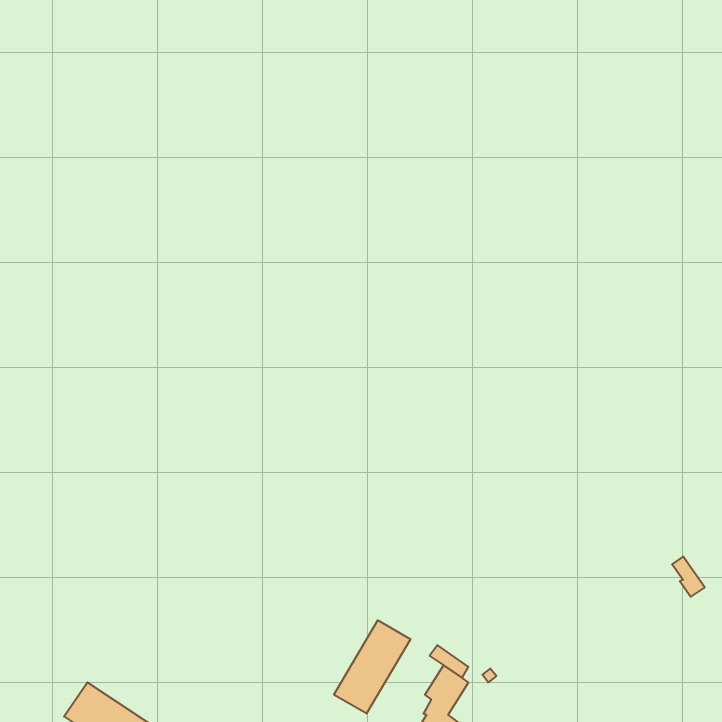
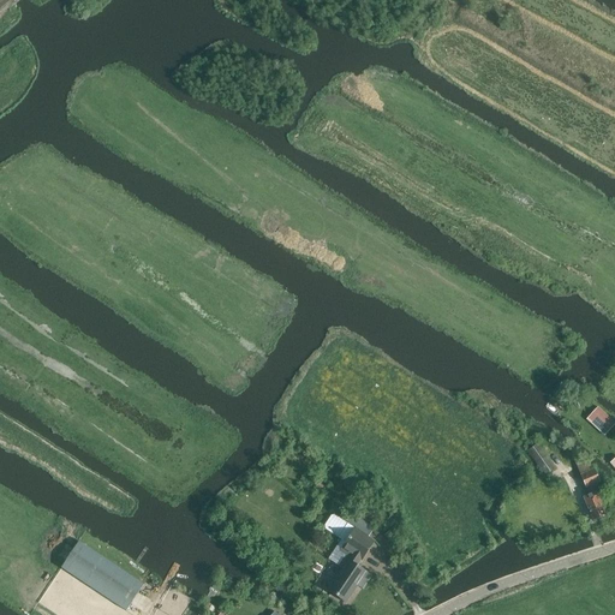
building: [334,620,410,714] -> none

